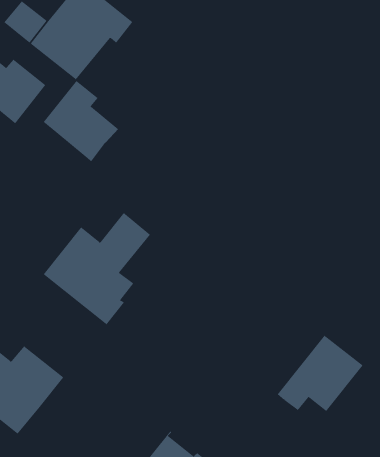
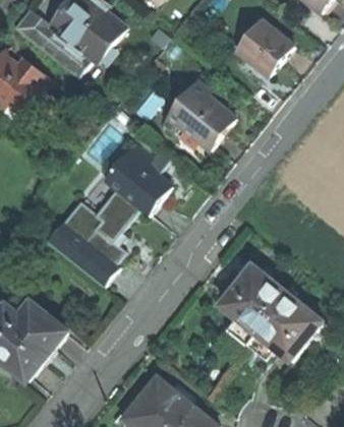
building: none -> [237,18,294,74]
building: [43,80,119,162] -> [106,143,171,214]
building: none -> [163,79,236,148]
building: none -> [222,264,289,344]

